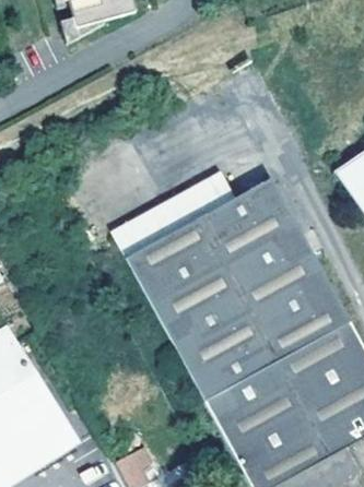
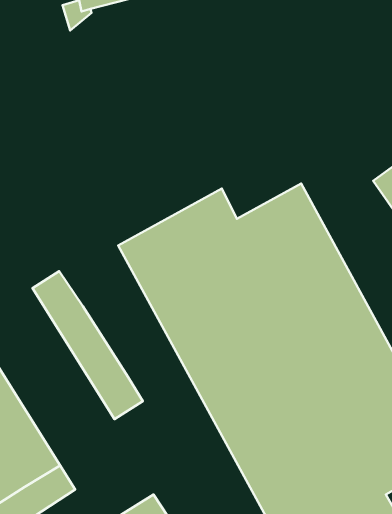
building: none -> [32,271,143,419]

